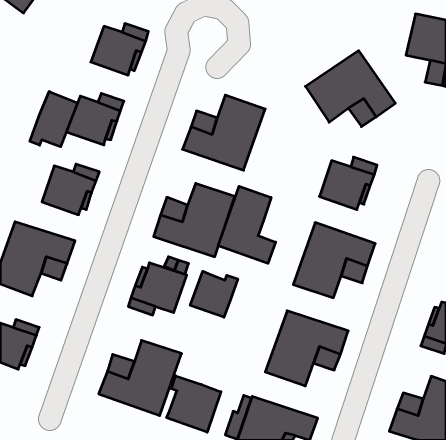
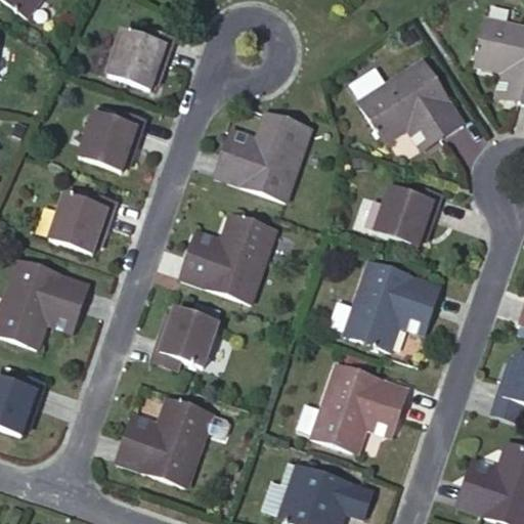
building: [30,91,77,147] -> none
building: [218,186,276,263] -> none
building: [190,271,238,317] -> none
building: [167,376,221,432] -> none

